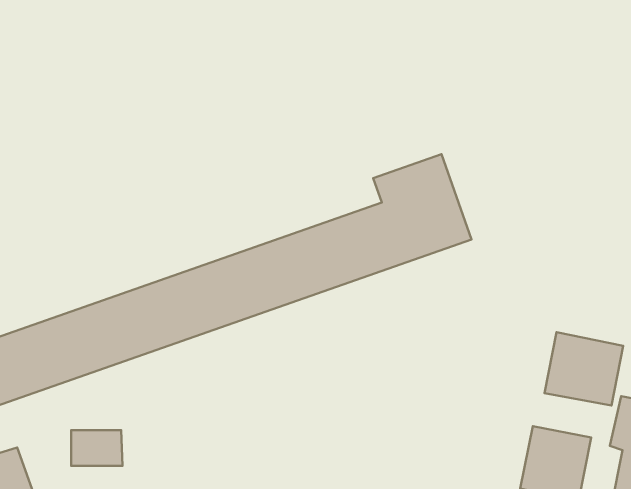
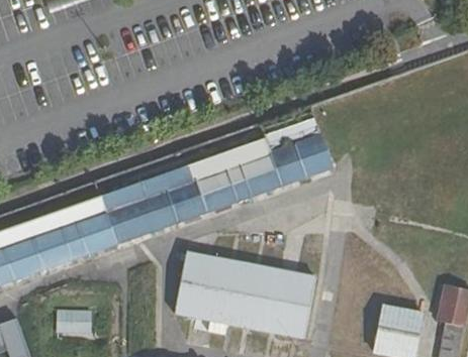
building: [544,332,623,406] -> none
building: none -> [174,252,313,337]

